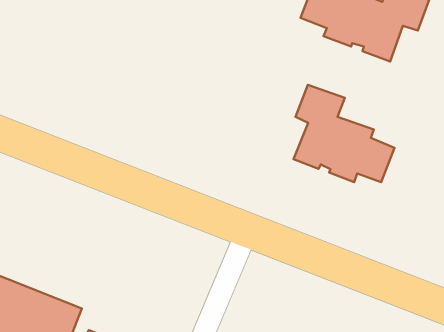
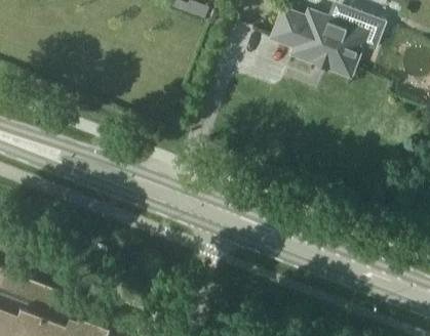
building: [294,85,394,182] -> none

